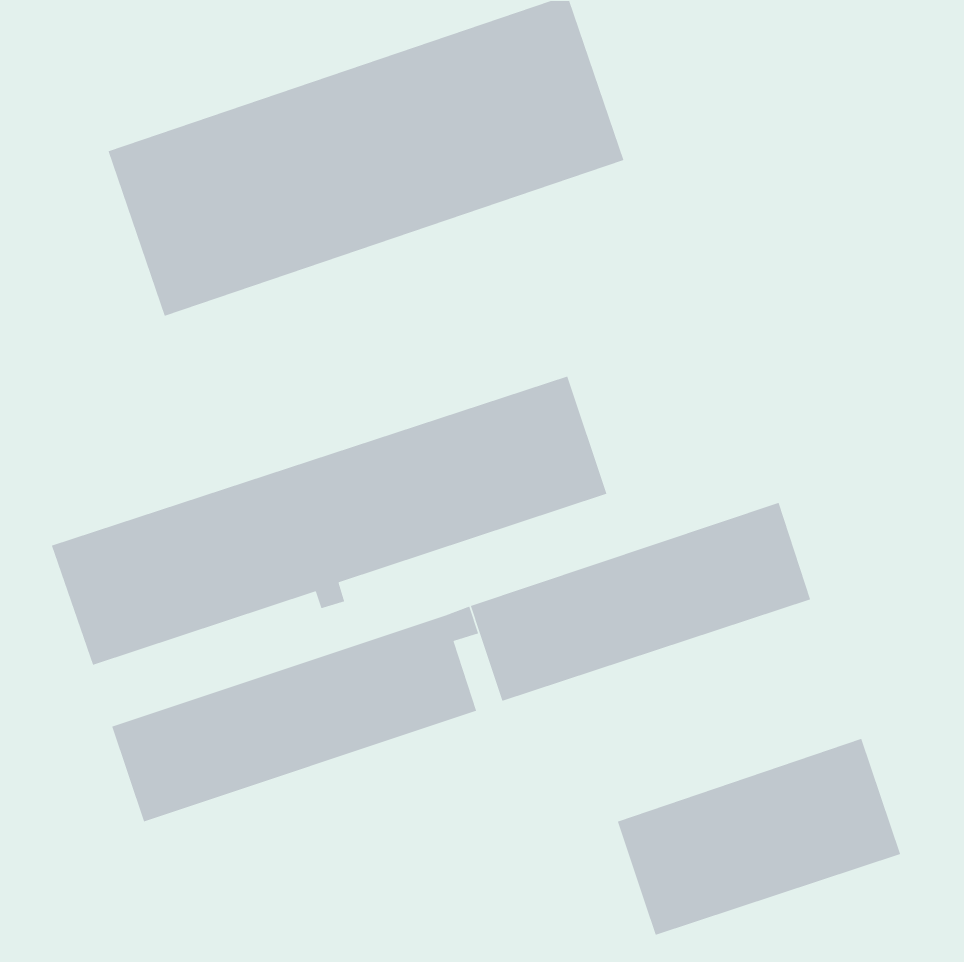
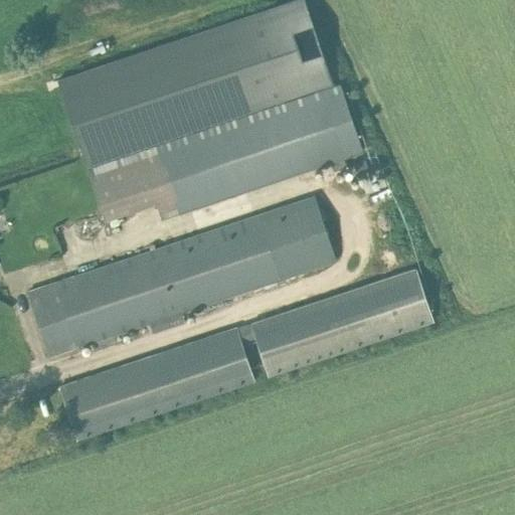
building: none -> [88,84,362,219]
building: [617,738,901,936] -> none

